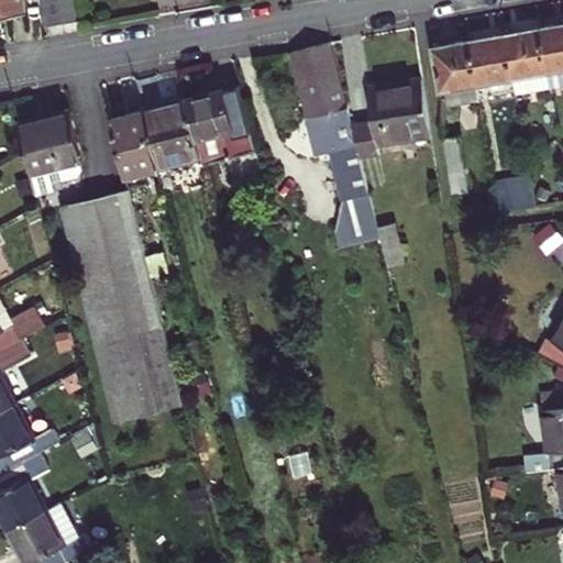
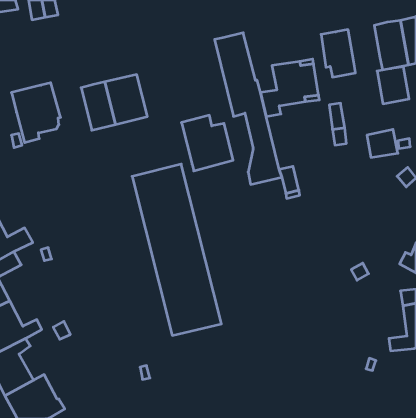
building: [467,35,510,85] -> [377,67,409,104]
building: [184,91,253,166] -> [181,115,233,171]
building: [60,190,180,420] -> [132,164,221,335]

